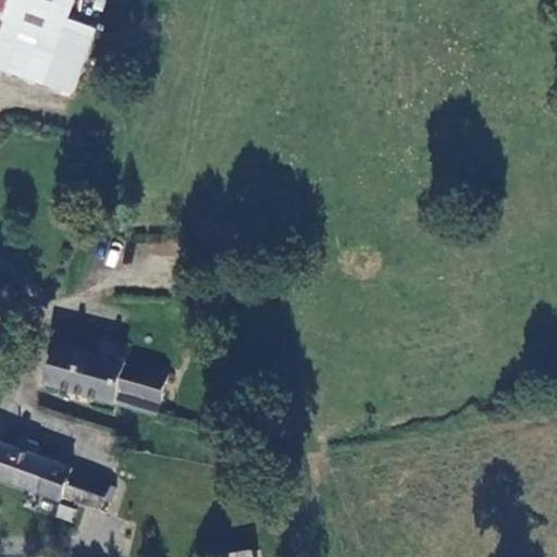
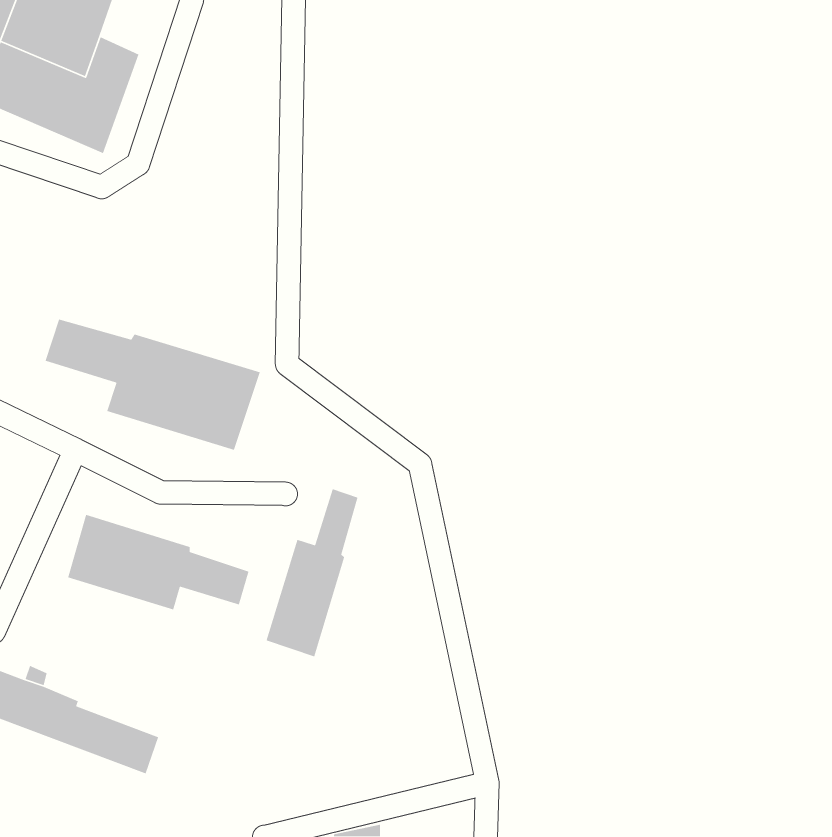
building: none -> [45,318,261,451]
building: none -> [266,488,359,657]

